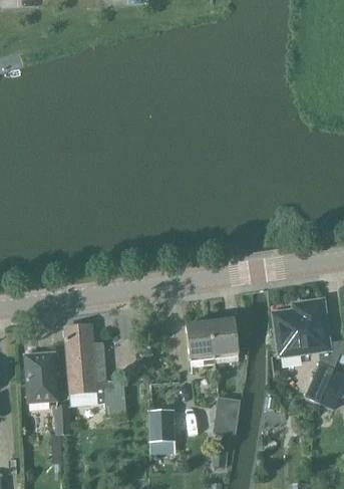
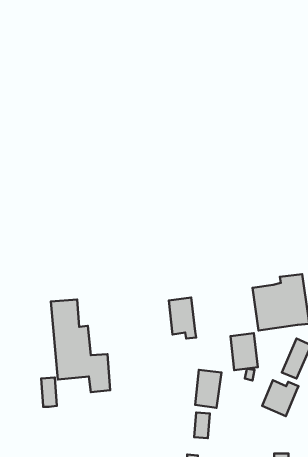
building: [210,319,238,357] -> [230,333,258,370]
building: [24,352,58,402] -> none
building: none -> [262,380,299,416]
building: [149,410,176,442] -> none

